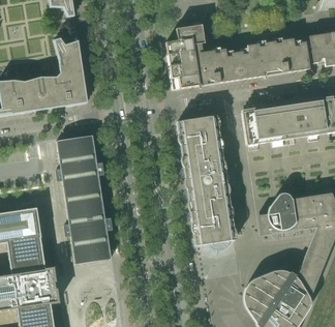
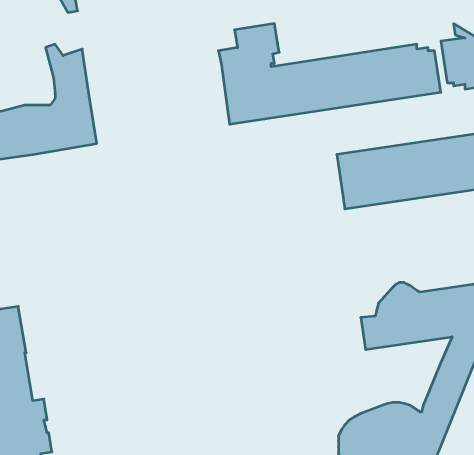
building: [177,115,234,245] -> none
building: [54,135,111,263] -> none

